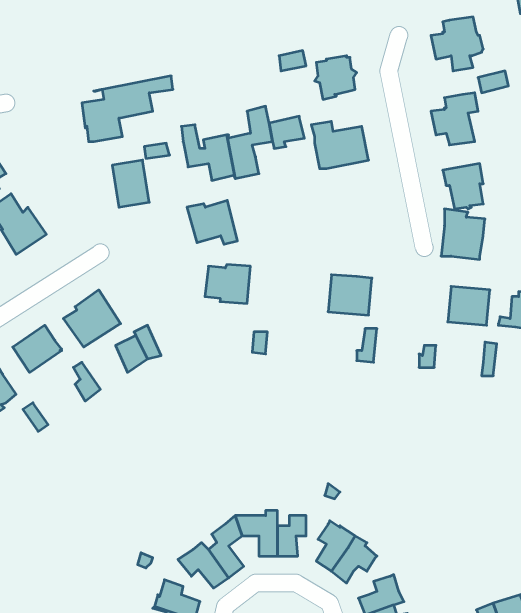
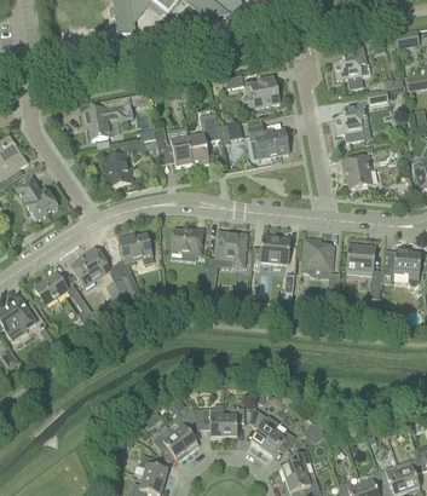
building: [187,200,237,244] -> [117,232,154,264]
building: [441,209,485,259] -> [301,238,333,275]
building: none -> [215,230,247,267]

